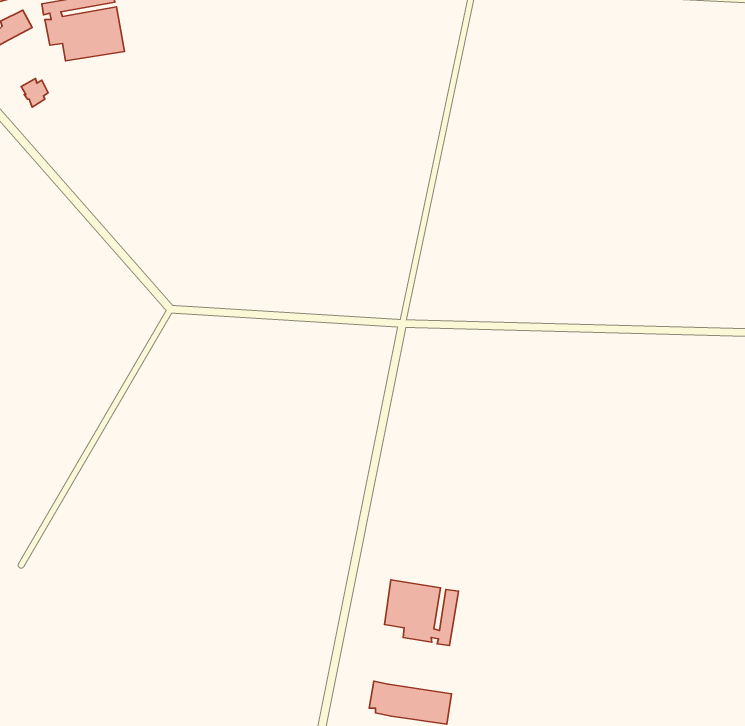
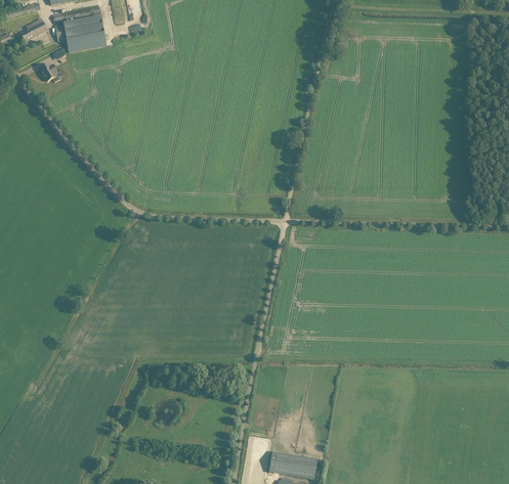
building: [385,580,458,645] -> none

